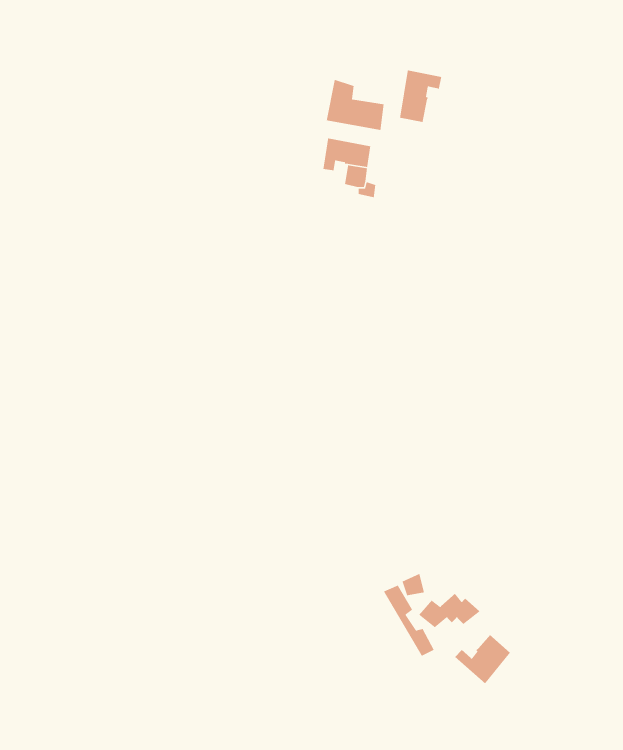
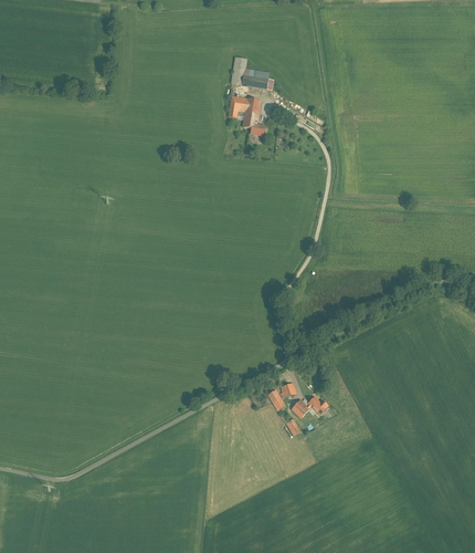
building: [399,70,442,123] -> none
building: [454,634,511,685] -> none

